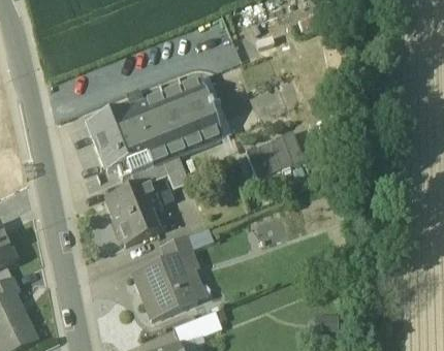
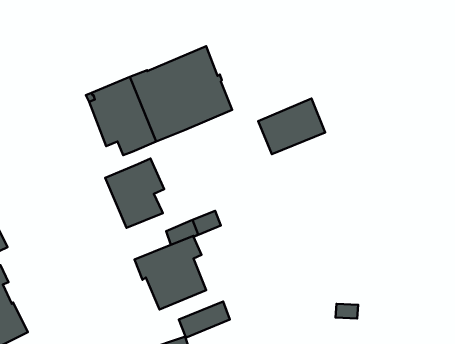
building: [131,154,190,187] -> none

